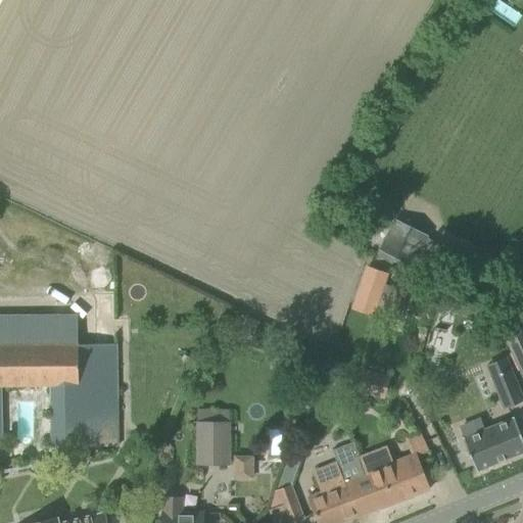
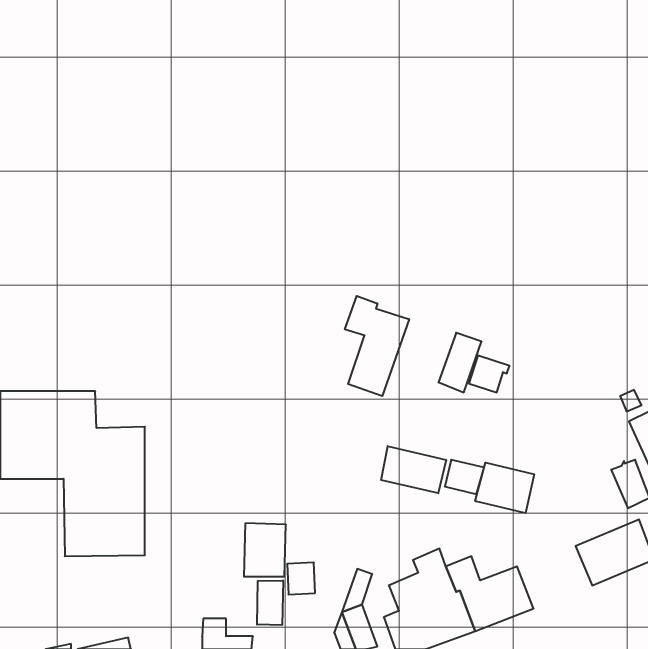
building: [379,218,430,269] -> none
building: none -> [345,296,409,396]
building: none -> [381,446,446,493]
building: none -> [475,463,534,513]
building: none -> [257,580,283,625]

